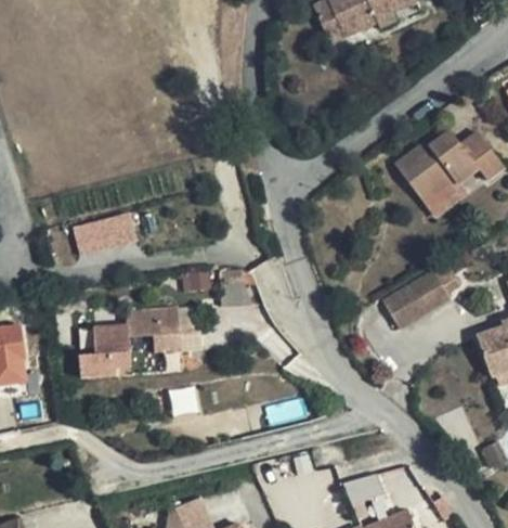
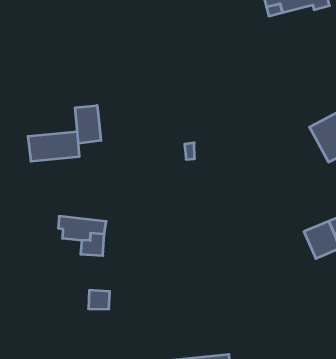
building: none -> [75,105,101,143]
building: [383,286,427,331] -> none
building: [82,325,133,379] -> none

